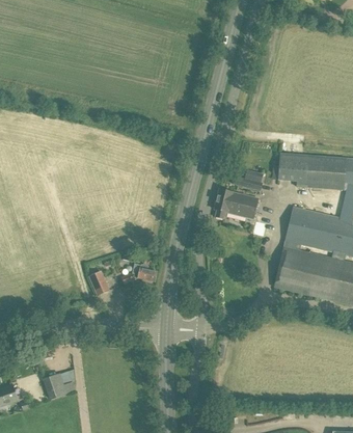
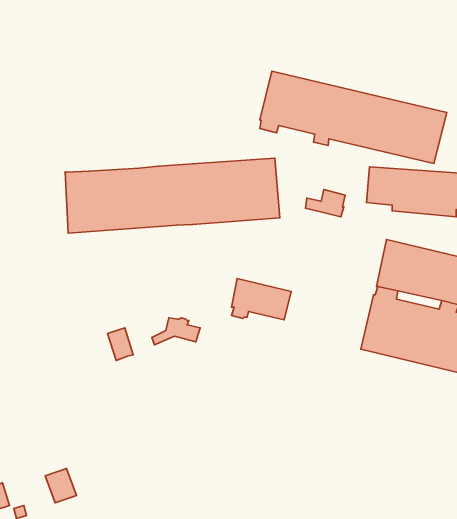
building: none -> [260,71,447,164]
building: none -> [65,158,280,233]
building: [215,189,259,219] -> [231,279,291,320]

